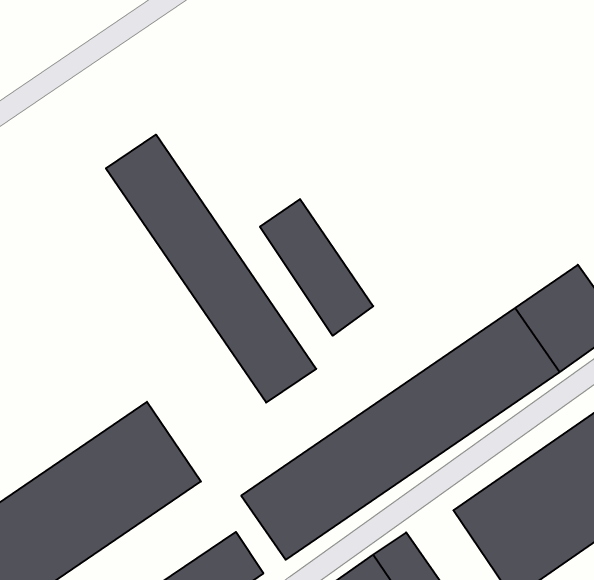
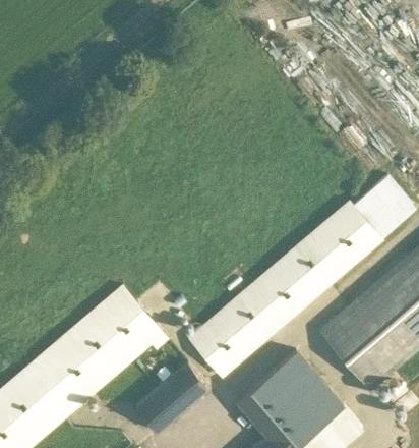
building: [106,135,316,403] -> none
building: [260,199,373,336] -> none

